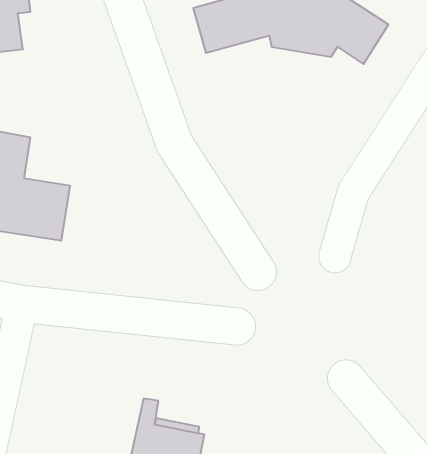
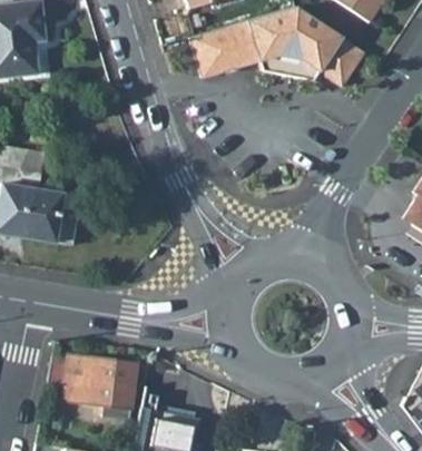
building: none -> [63,355,136,418]

